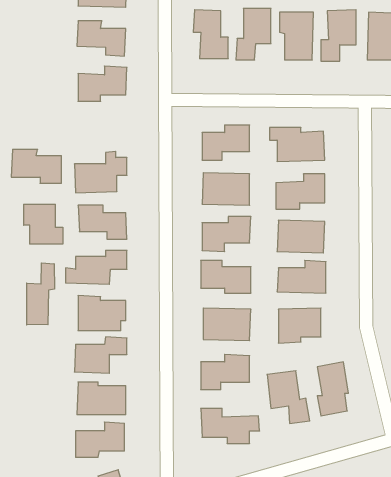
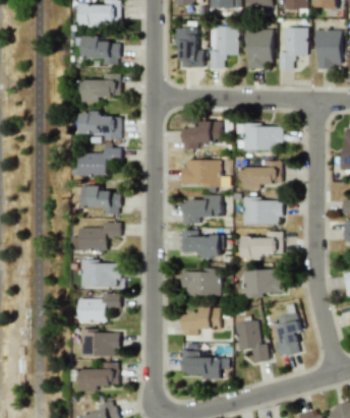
building: [11,149,61,183] -> [79,112,120,139]
building: [24,204,63,244] -> none
building: [27,263,54,325] -> none

